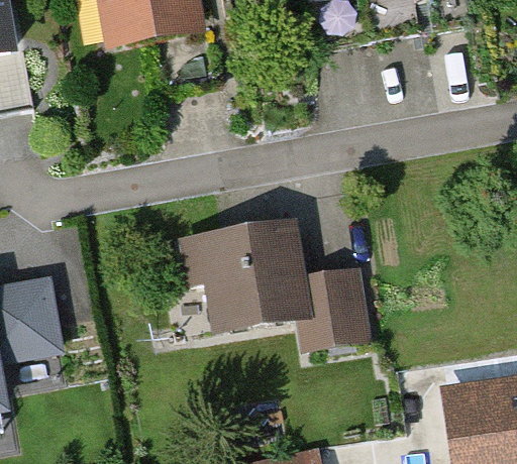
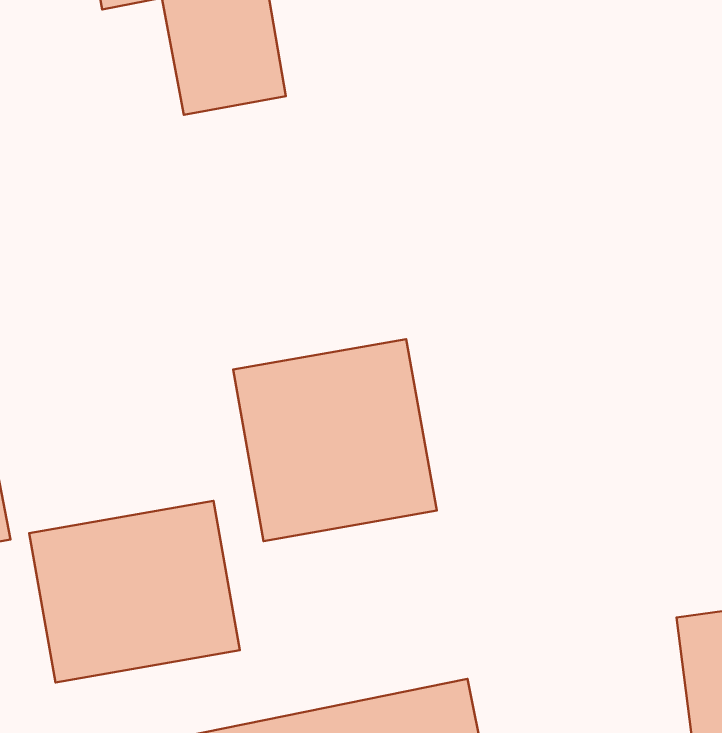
building: [303,263,368,347] -> none
building: none -> [29,501,240,682]

